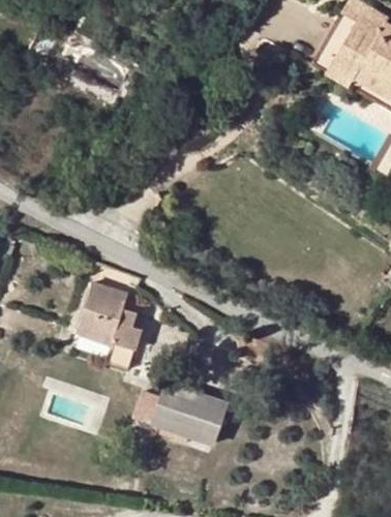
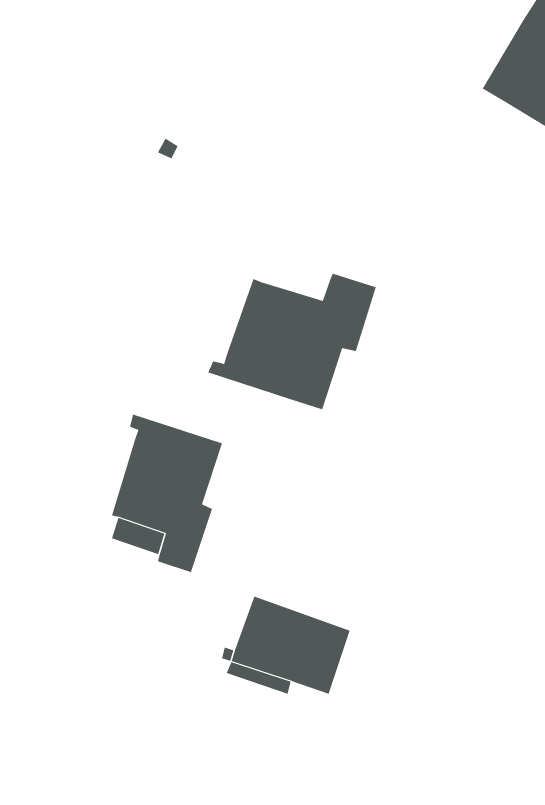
building: none -> [208,273,377,410]

